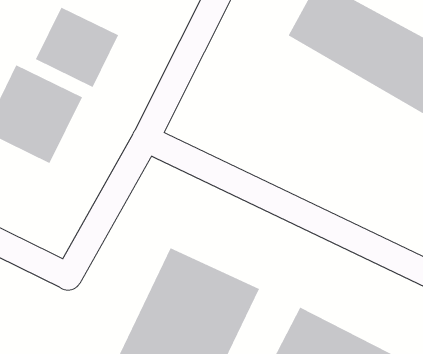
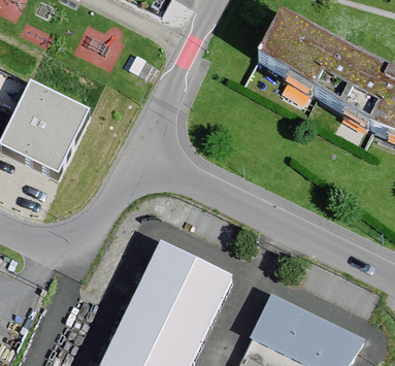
building: [35,7,119,88] -> none

